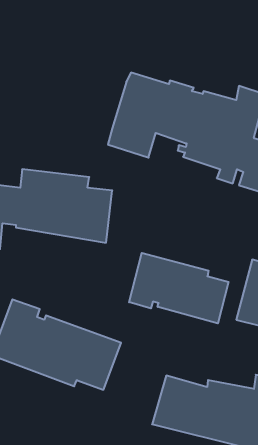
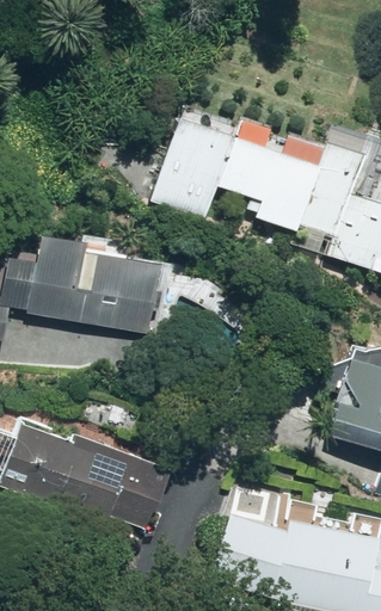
building: [129,253,229,323] -> none

